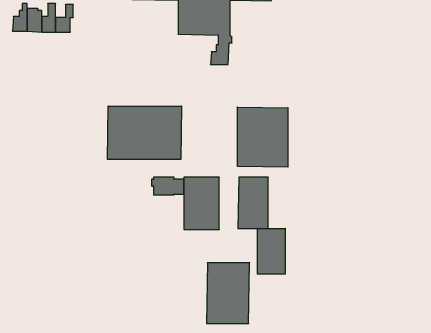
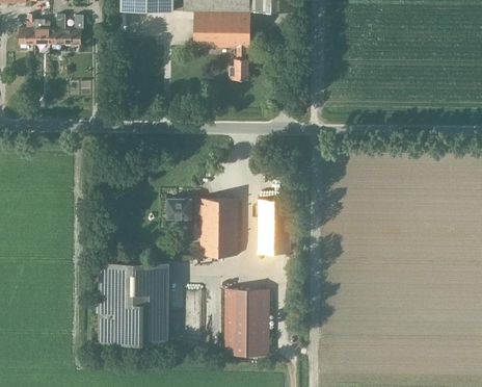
building: [108,106,182,159] -> none
building: [237,107,288,167] -> none
building: [257,228,285,274] -> none
building: none -> [101,261,166,343]

